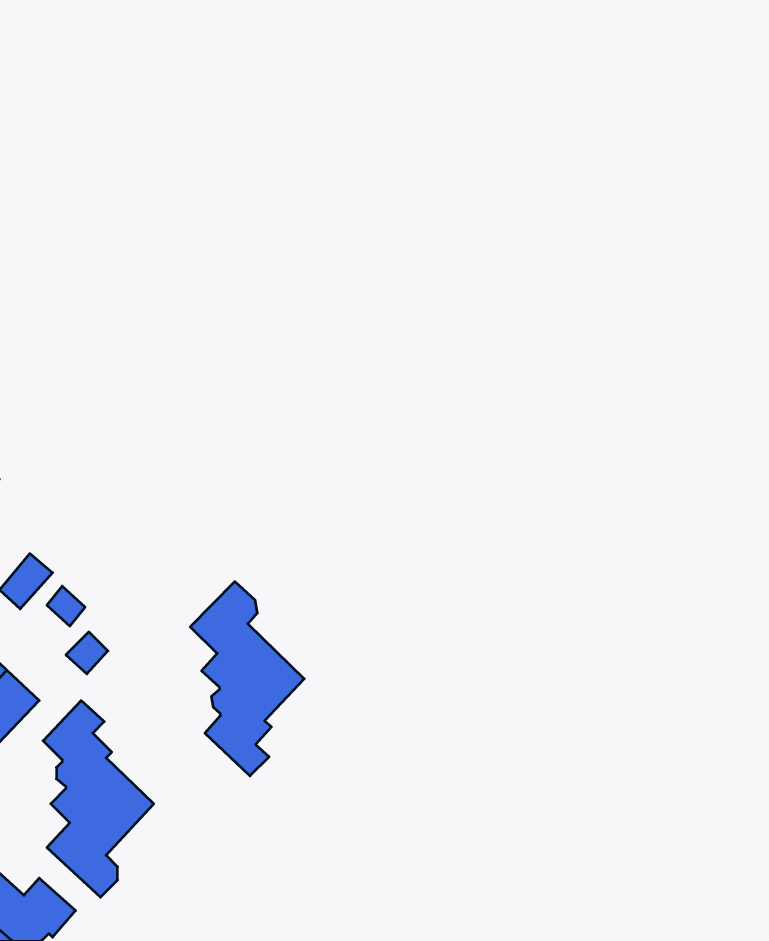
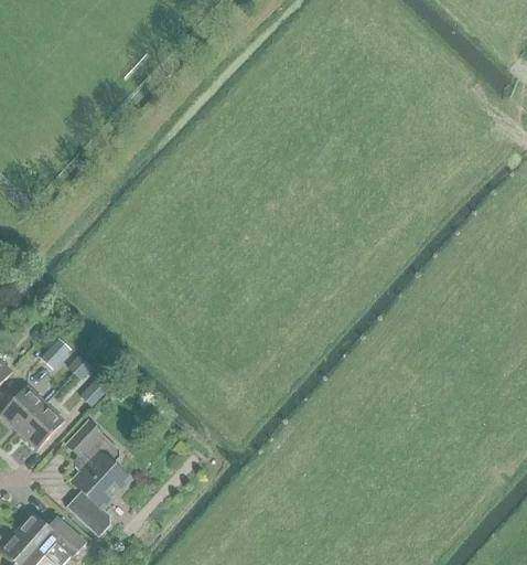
building: [190,582,304,776] -> none

